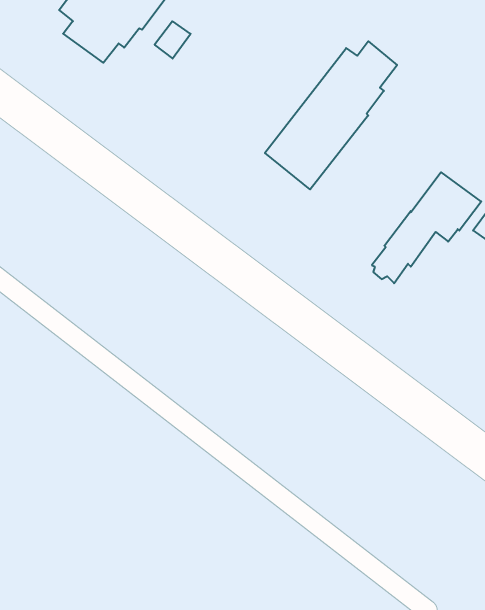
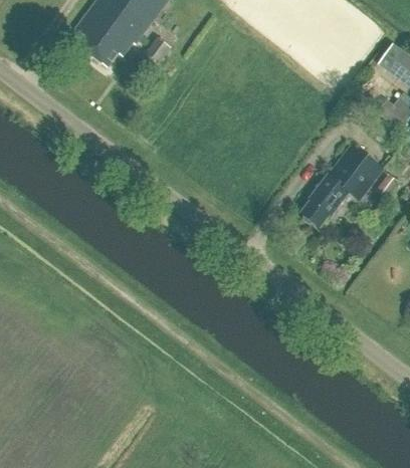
building: [265,41,397,189] -> none

